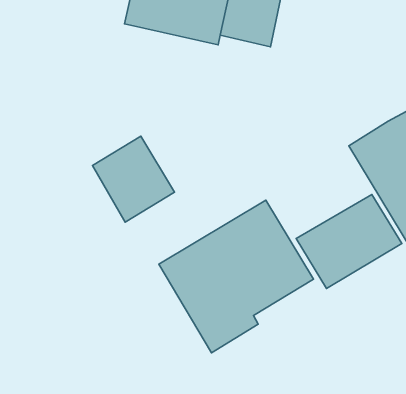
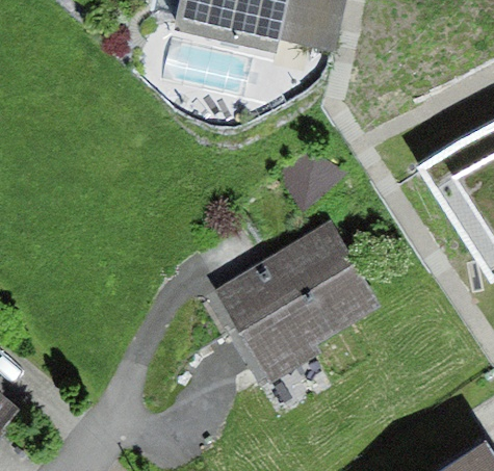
building: [92,136,175,222] -> none
building: [296,194,402,289] -> none

